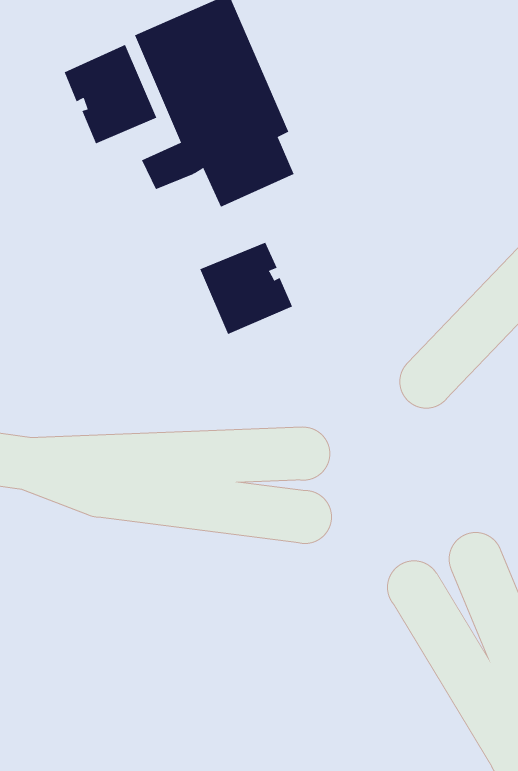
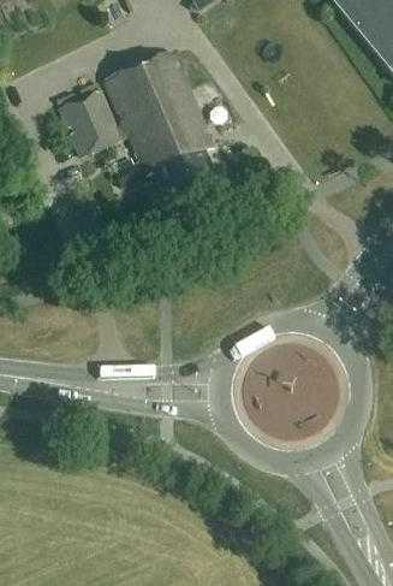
building: [199,242,293,335] -> none

